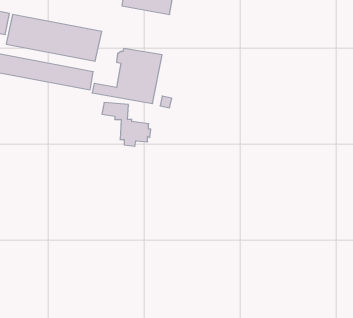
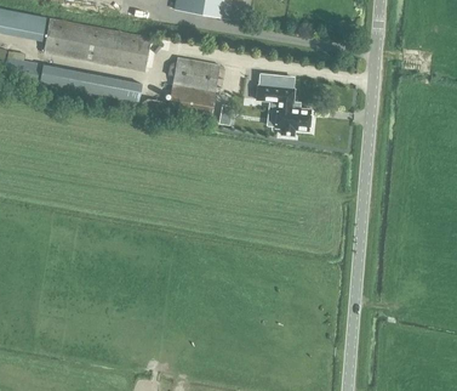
building: [102,103,151,146] -> [257,85,313,135]

